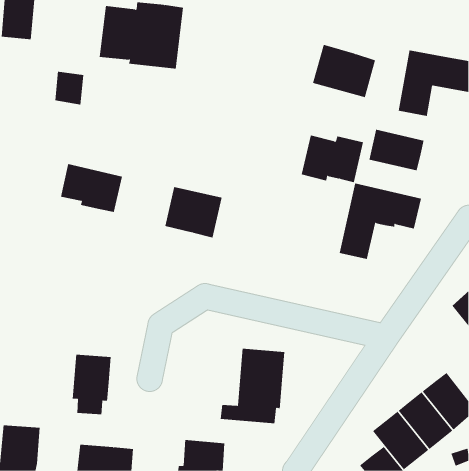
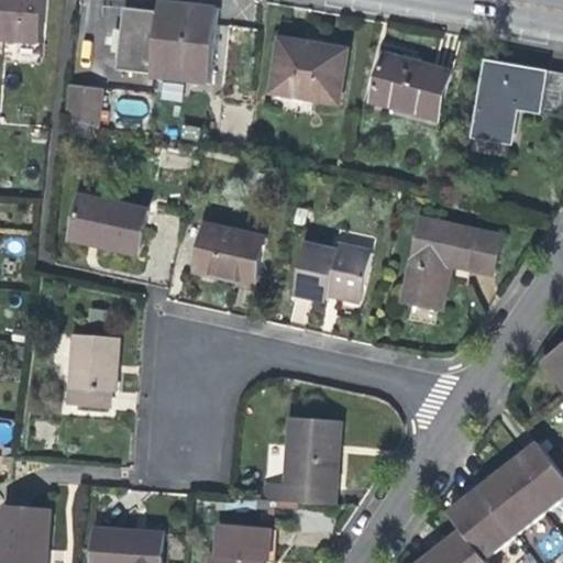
building: none -> [267,36,342,102]
building: [369,129,424,171] -> none
building: [301,135,364,183] -> [296,244,371,301]
building: [72,354,111,415] -> [69,329,117,401]

